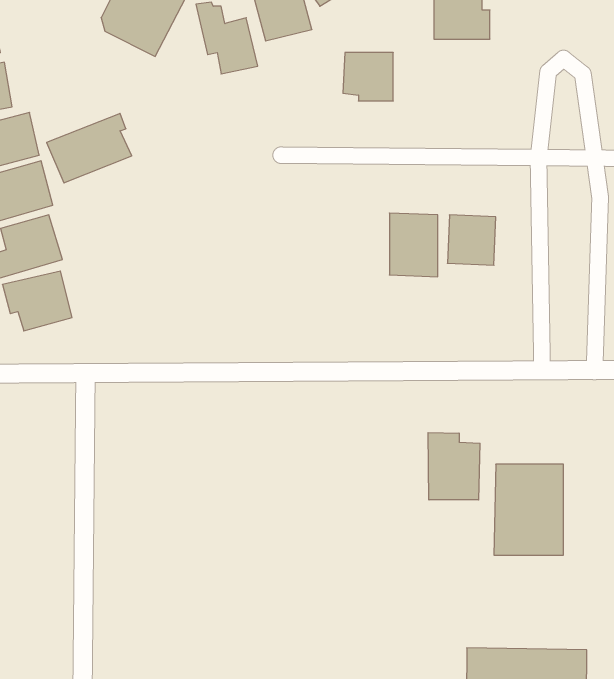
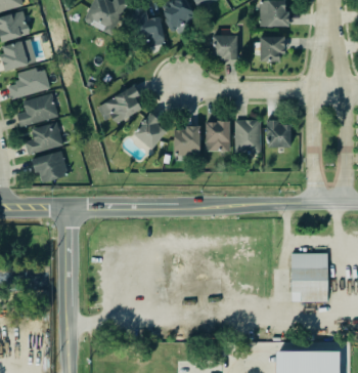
building: none -> [259,37,284,63]
building: [47,113,132,183] -> [97,88,142,125]
building: none -> [134,115,169,150]
building: none -> [206,121,230,152]
building: none -> [174,127,200,156]
building: [428,433,480,500] -> none

